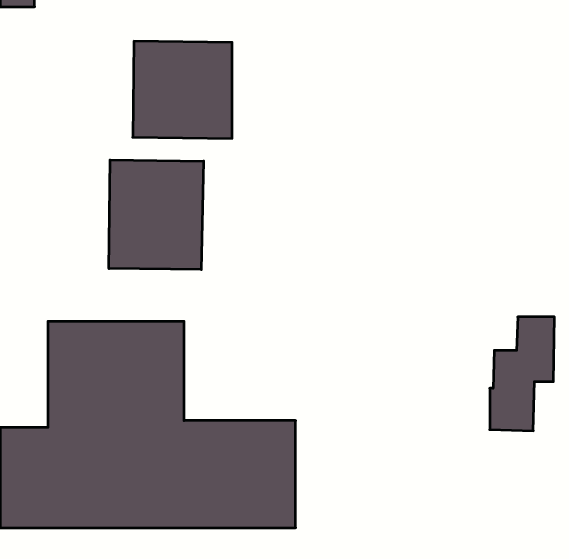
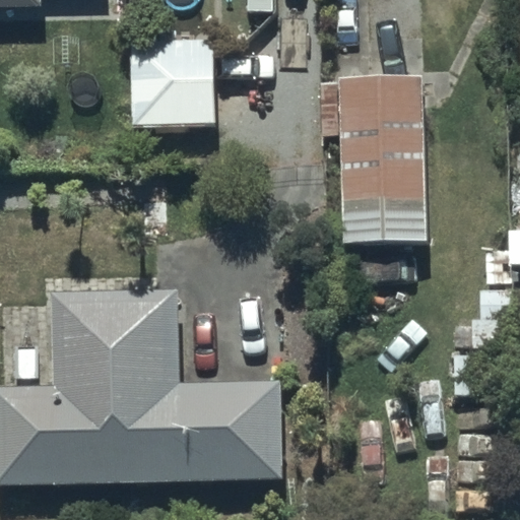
building: none -> [326,77,429,247]
building: [109,160,204,270] -> none

